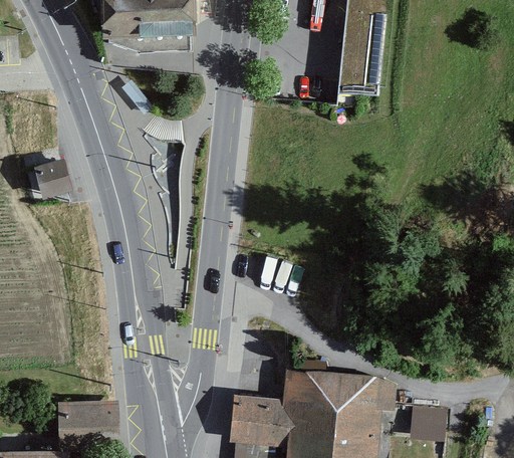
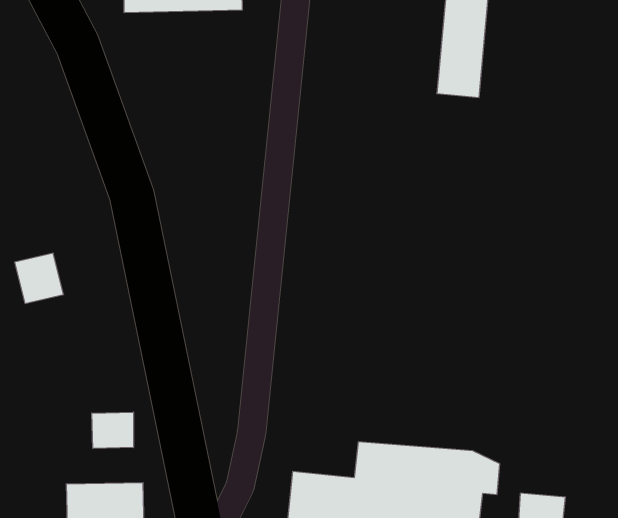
building: [32,160,70,199] -> [15,253,64,303]
building: none -> [92,412,133,448]

